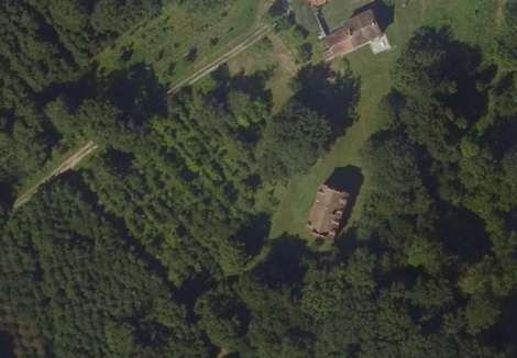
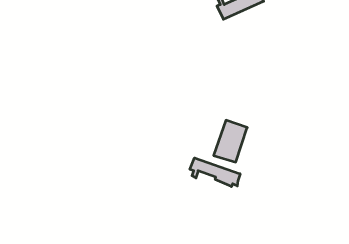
building: none -> [190,158,240,187]

